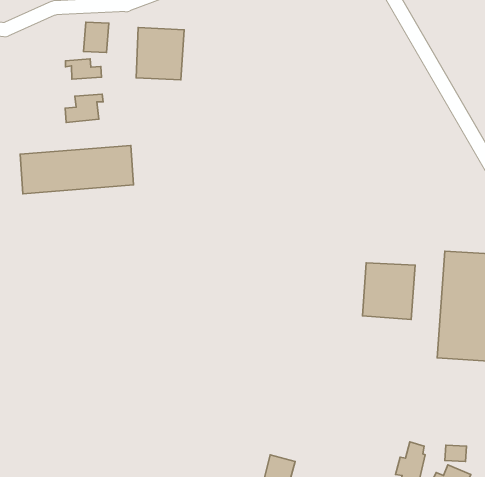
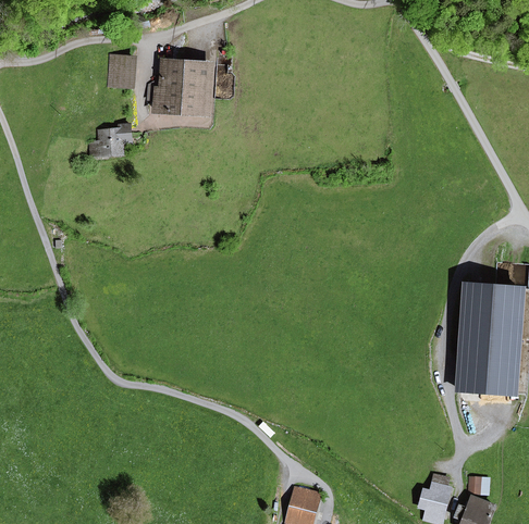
building: [65,59,102,79] -> none
building: [20,145,134,194] -> none
building: [363,263,415,319] -> none

